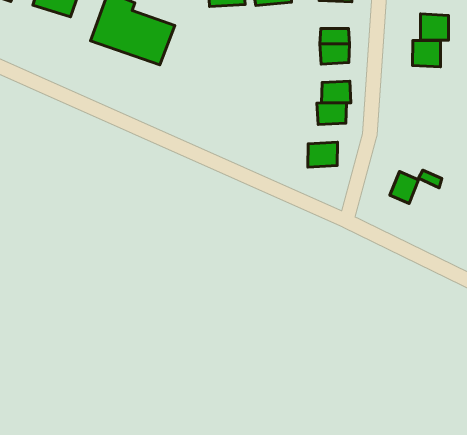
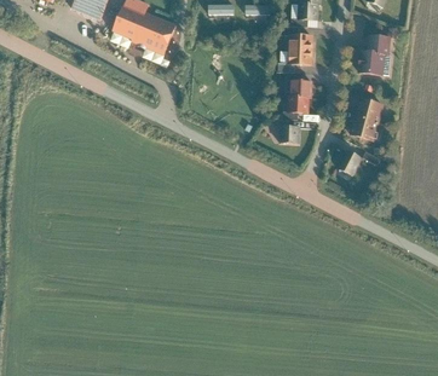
building: none -> [355,98,386,141]

